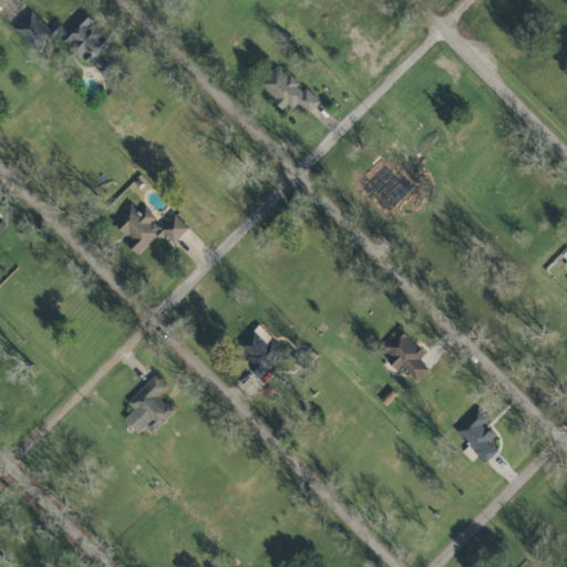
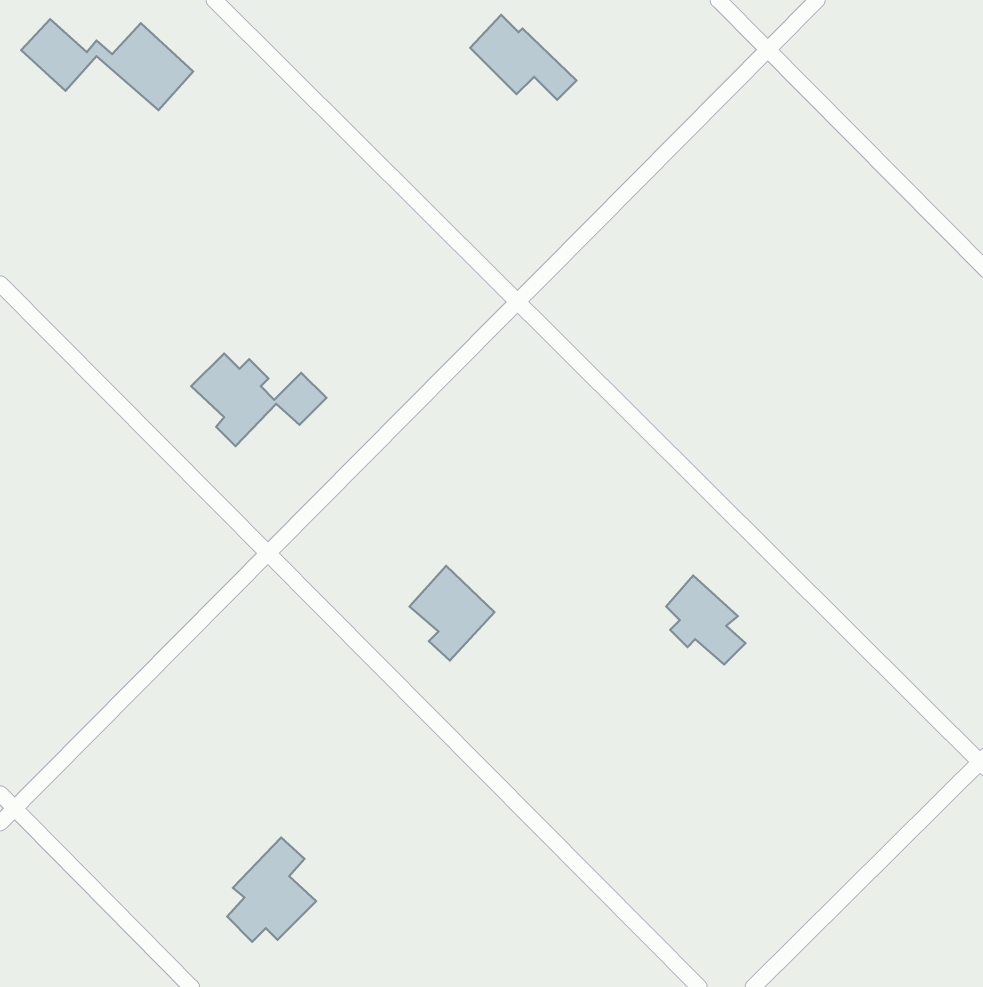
building: [259,65,320,114] -> [470,15,577,100]
building: [124,374,175,434] -> [227,837,316,942]
building: [456,408,497,462] -> none

